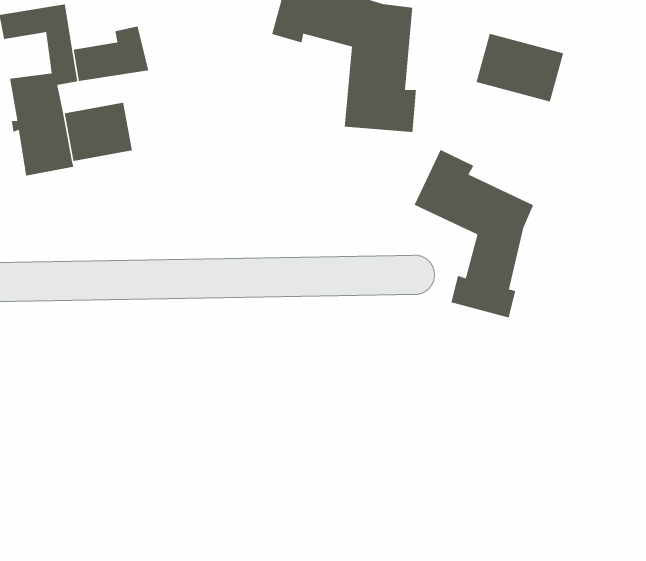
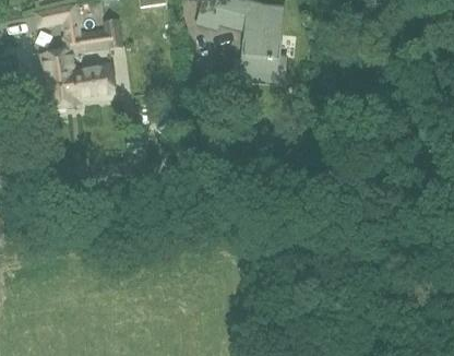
building: [476,33,564,103] -> none
building: [413,149,534,319] -> none

